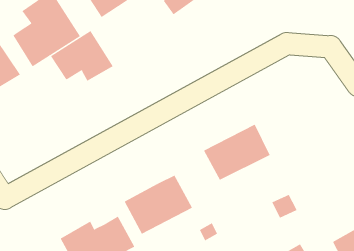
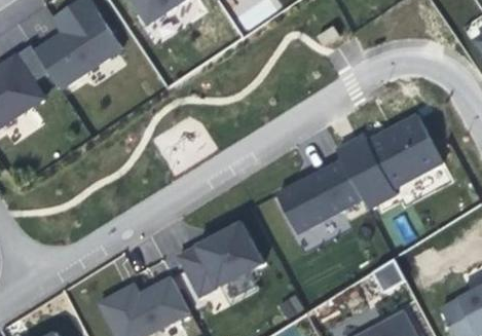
building: [50,30,114,82] -> none
building: none -> [337,114,444,210]

